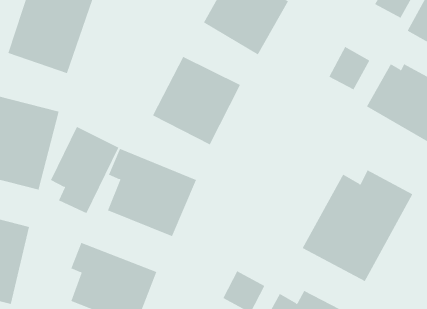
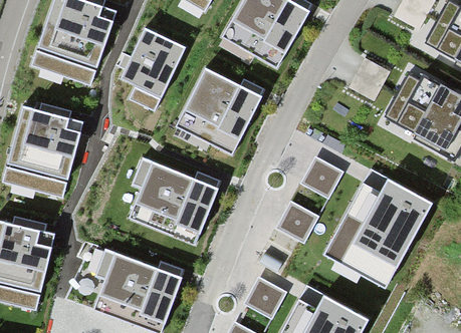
building: [50,126,119,214] -> [120,26,188,112]
building: none -> [301,155,344,198]
building: none -> [277,200,320,242]

